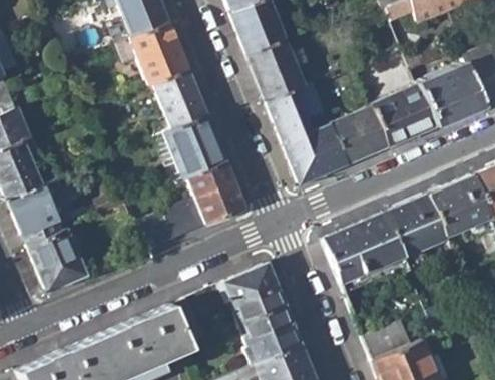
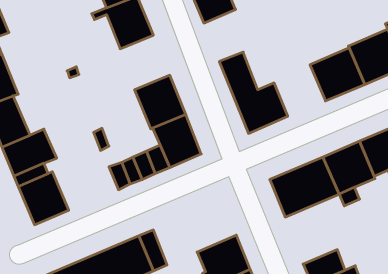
building: [248,40,304,101] -> none
building: [149,70,207,136] -> none
building: [330,107,390,165] -> none
building: [218,264,286,325] -> none

